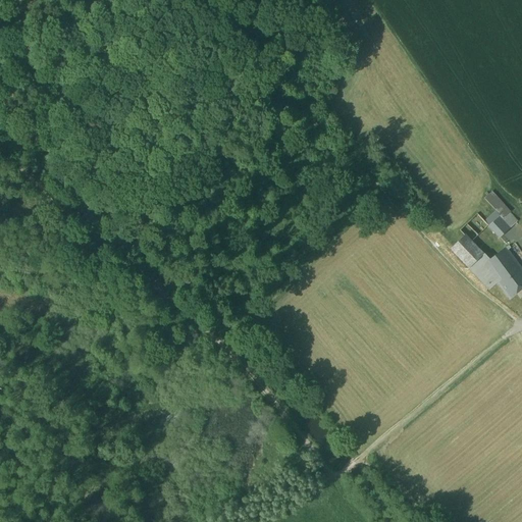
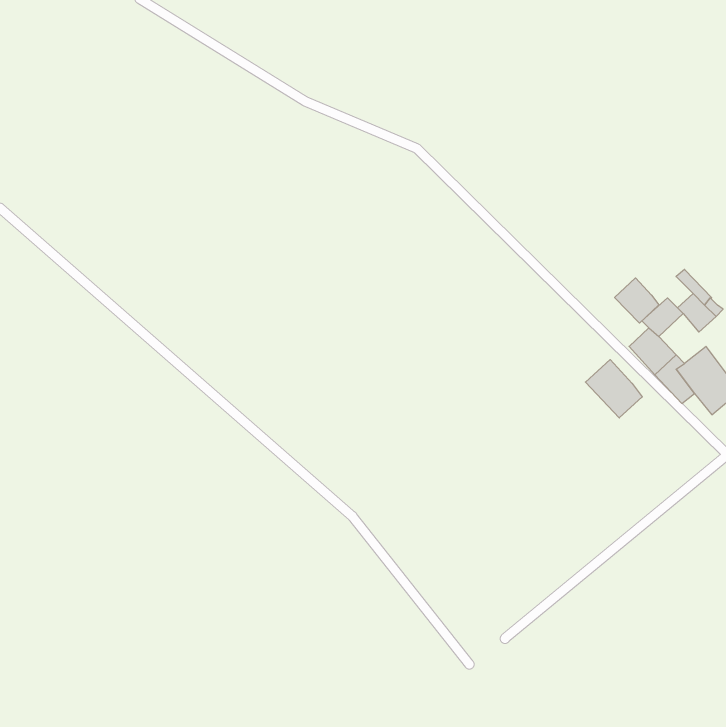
building: none -> [615,278,659,323]
building: none -> [585,360,642,418]

